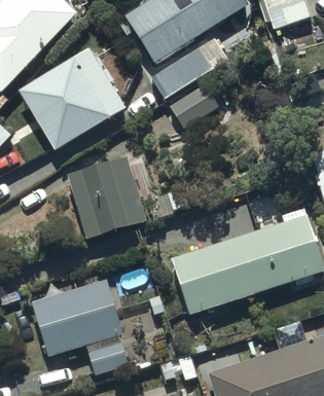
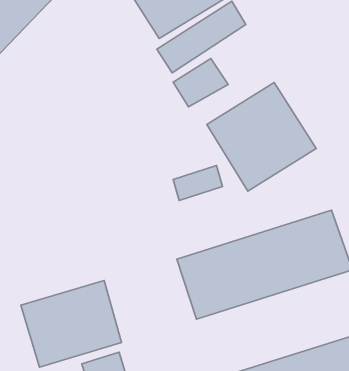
building: [19,48,124,150] -> none
building: none -> [207,83,316,191]
building: [68,158,146,239] -> none

